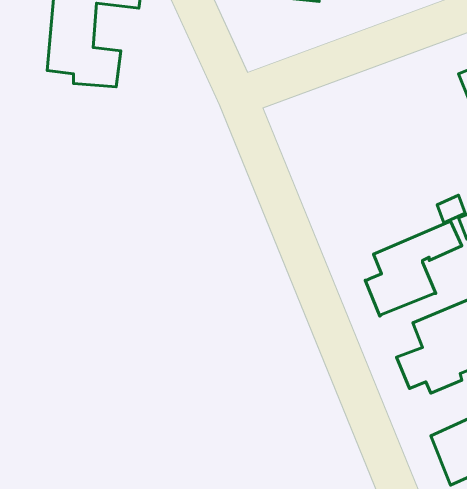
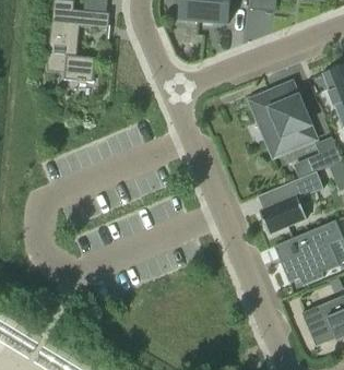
building: none -> [249,82,316,156]

